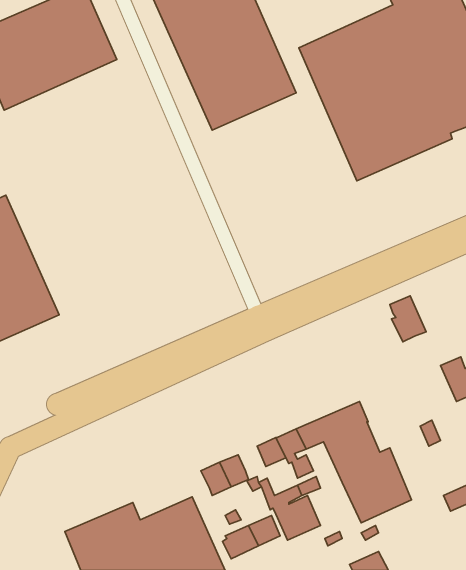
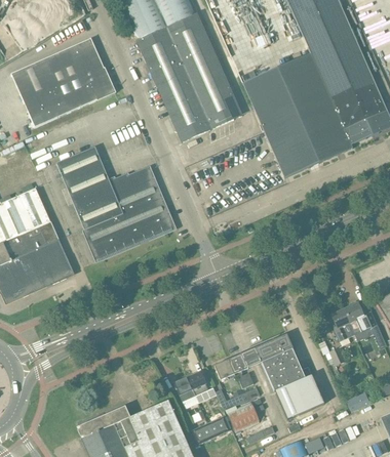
building: none -> [56,147,173,260]
building: [390,296,426,342] -> [329,308,355,341]

